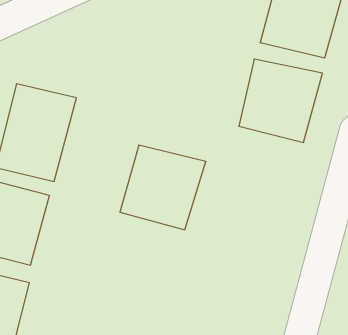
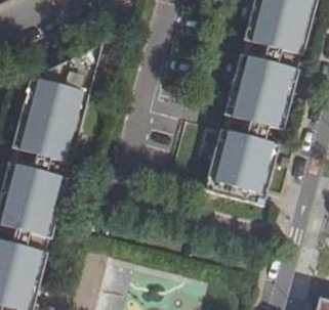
building: [120,145,206,230] -> [203,130,278,204]

